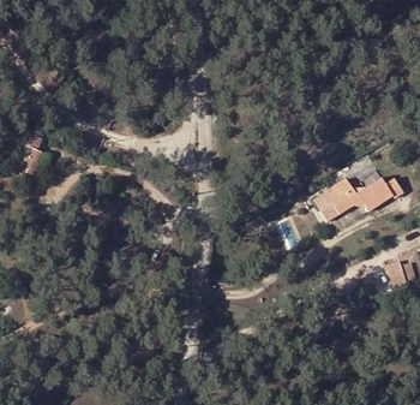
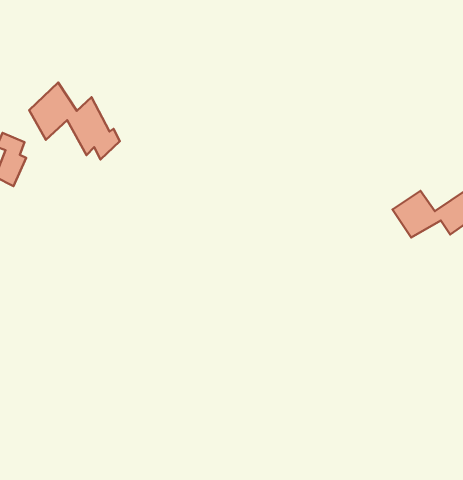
building: none -> [29,82,120,159]

